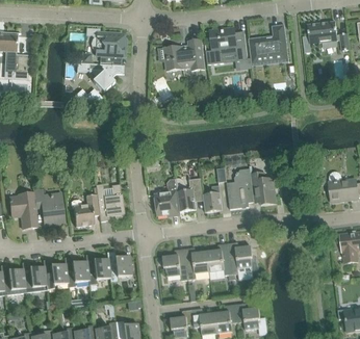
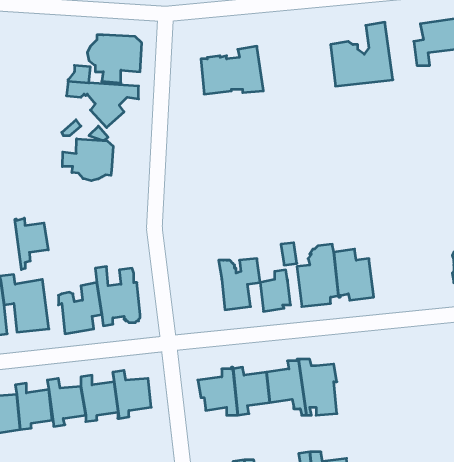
building: [205,29,247,64] -> none
building: none -> [62,139,113,181]
building: none -> [15,218,48,270]
building: [154,179,179,215] -> none

